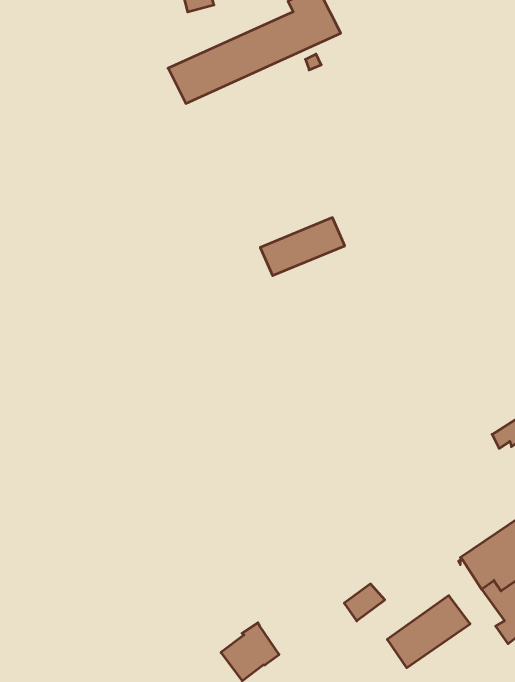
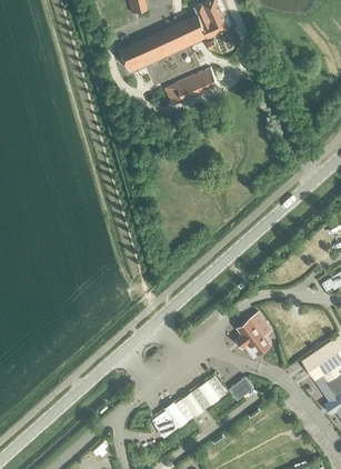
building: [260,218,345,276] -> [163,70,217,107]
building: none -> [235,310,273,358]
building: [387,596,470,668] -> [175,376,228,421]

